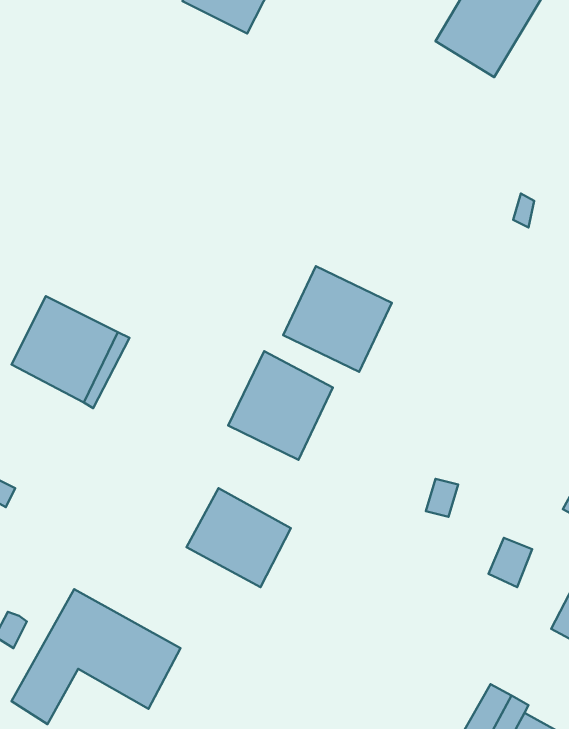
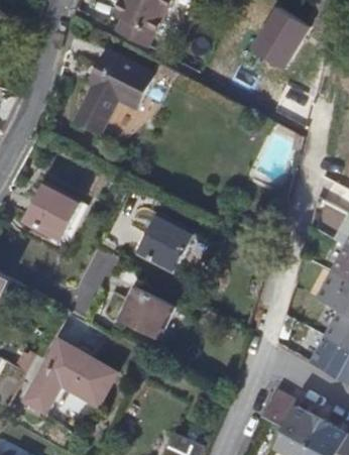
building: none -> [75,51,154,134]
building: [283,266,392,372] -> none

